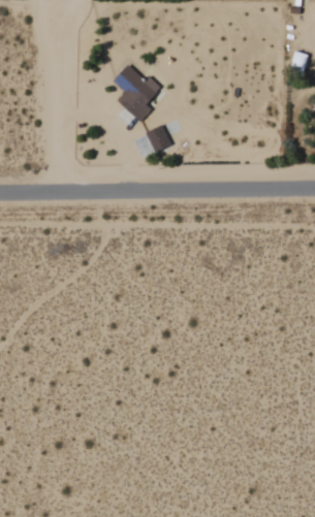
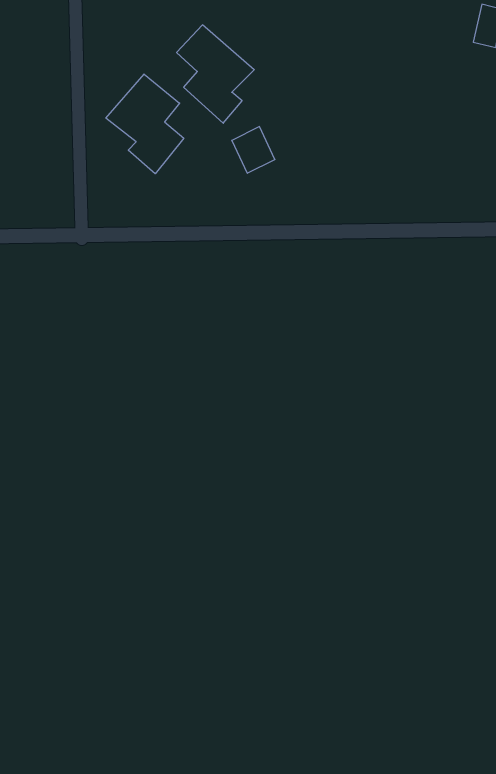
building: none -> [106,74,184,174]

